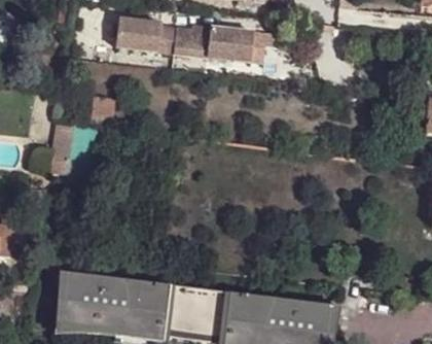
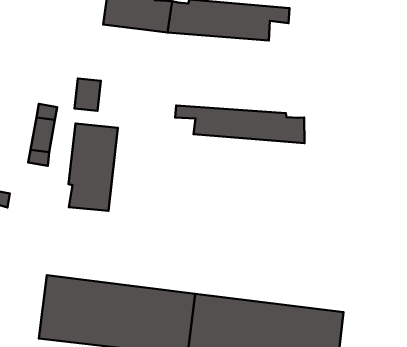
building: none -> [175,105,305,143]
building: none -> [68,123,118,211]

